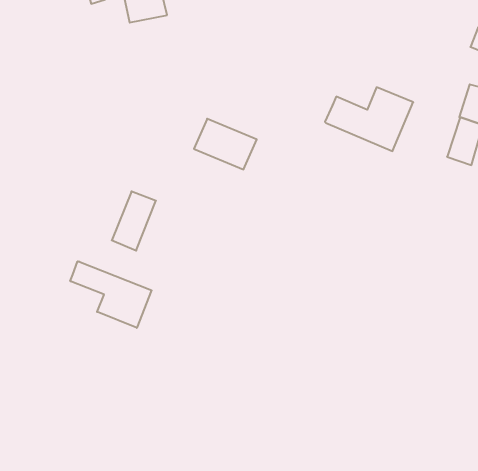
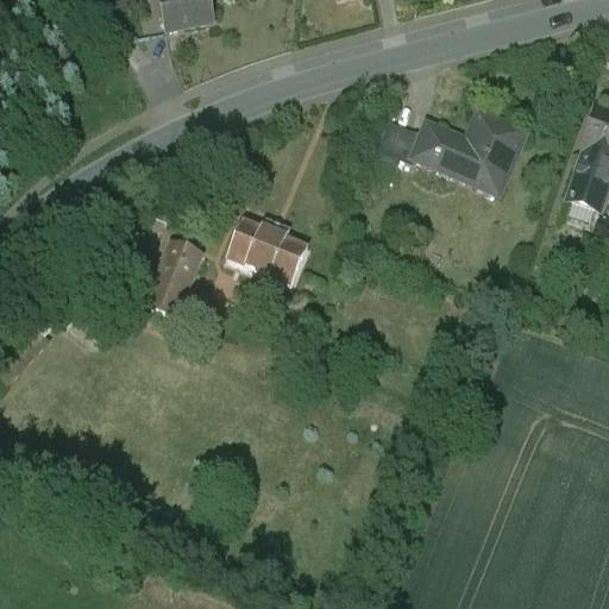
building: none -> [378,120,423,162]
building: [194,119,257,169] -> [228,219,308,283]
building: [70,261,152,328] -> none

